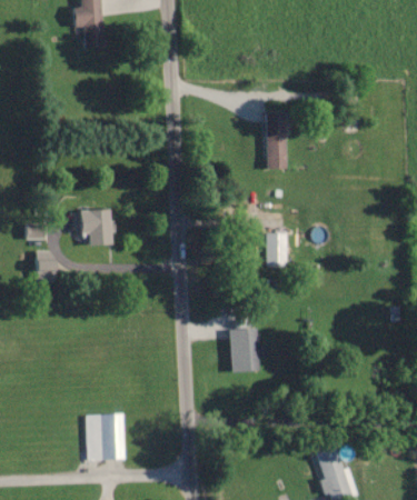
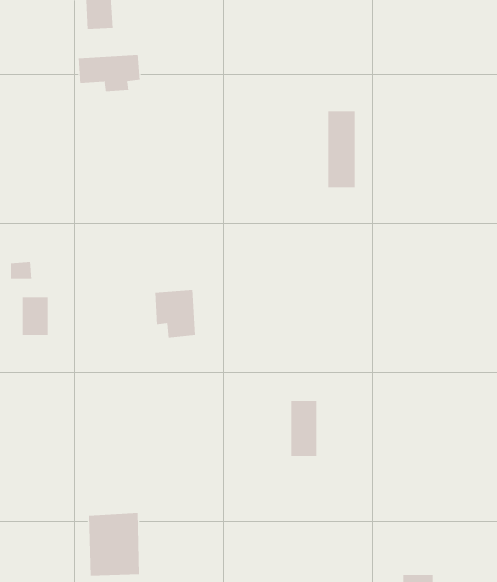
building: none -> [78,54,140,92]
building: [80,209,111,246] -> [155,290,196,338]
building: [264,232,287,258] -> none

